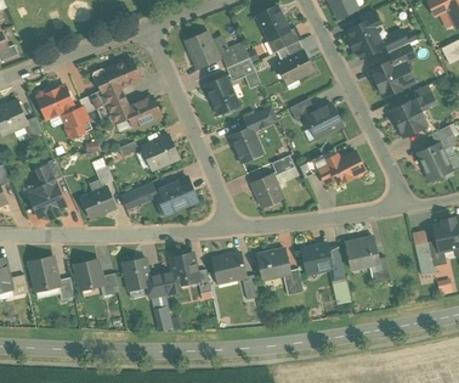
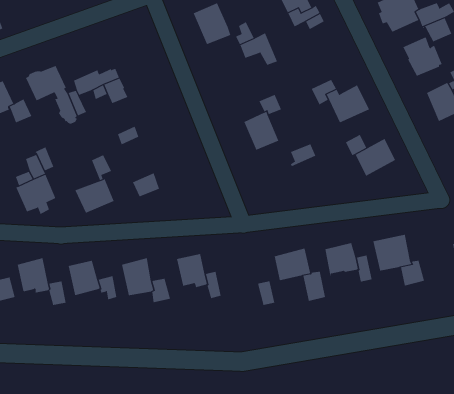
building: [276,50,313,84] -> none
building: [96,58,140,94] -> none
building: [204,77,238,114] -> none
building: [124,96,160,128] -> none
building: [141,135,178,169] -> none
building: [250,174,282,207] -> none
building: [158,176,197,213] -> none
building: [211,253,245,282] -> none

